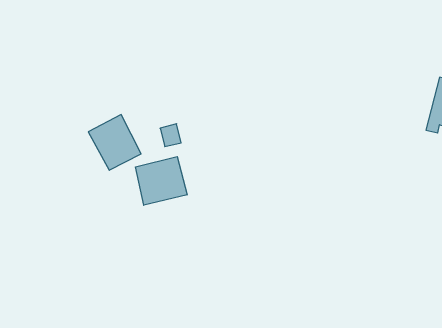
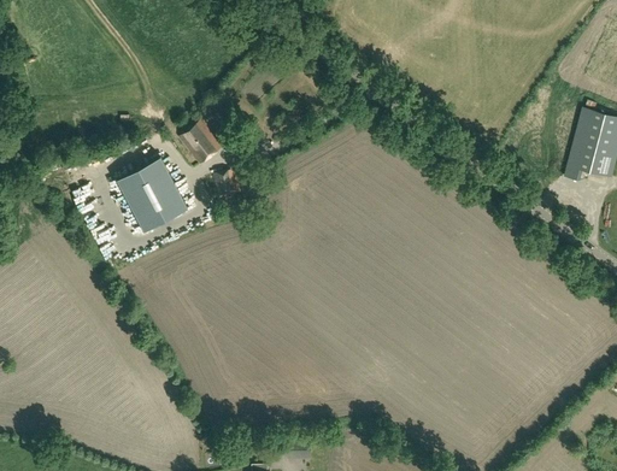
building: none -> [178,122,222,166]
building: [136,157,187,205] -> none

